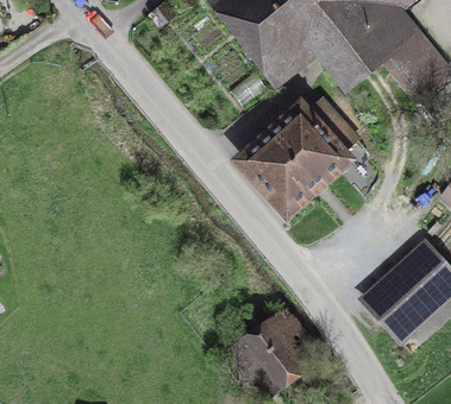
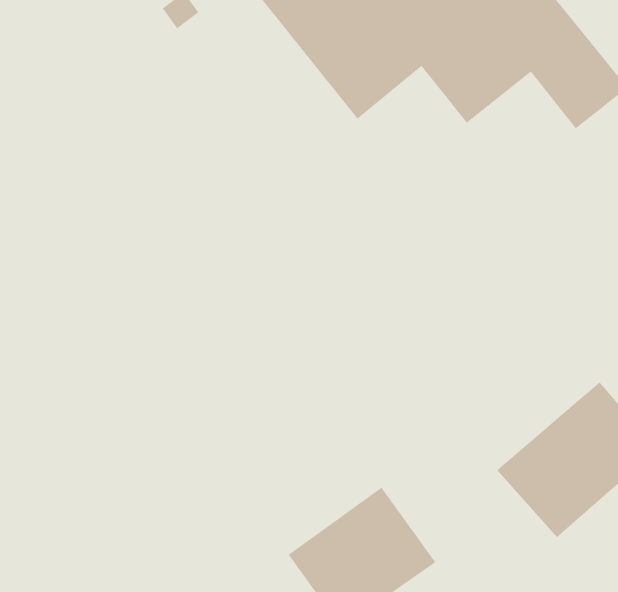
building: [236,102,358,226] -> none

